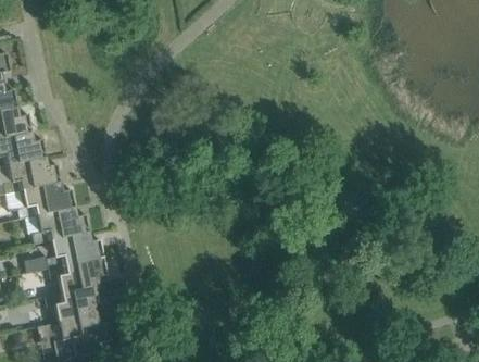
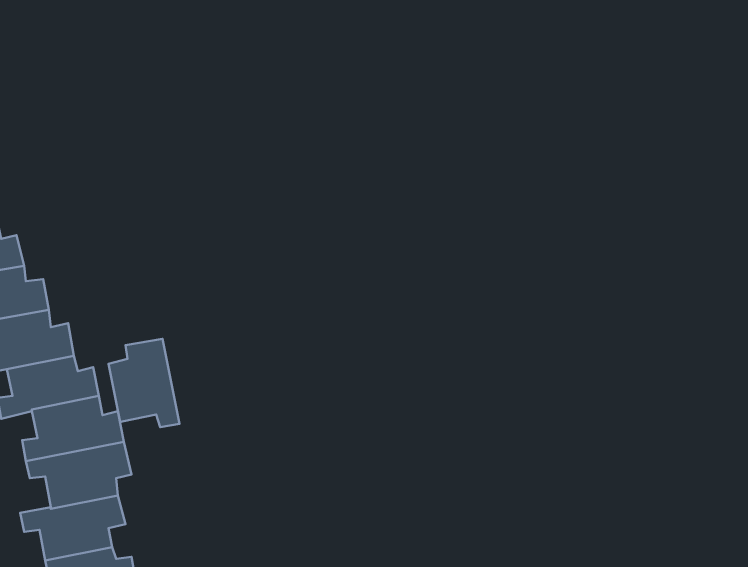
building: none -> [109,339,179,427]

